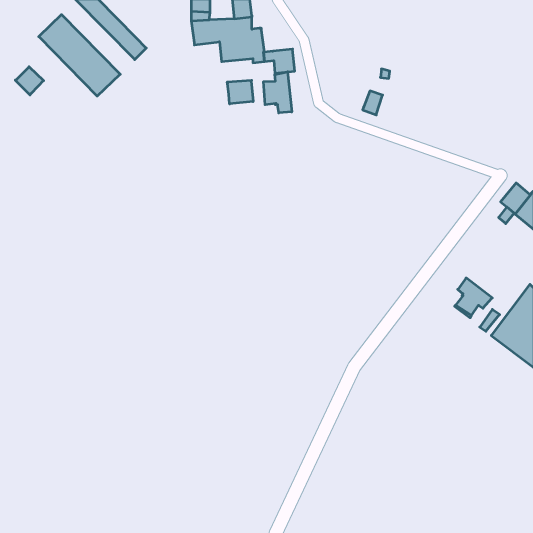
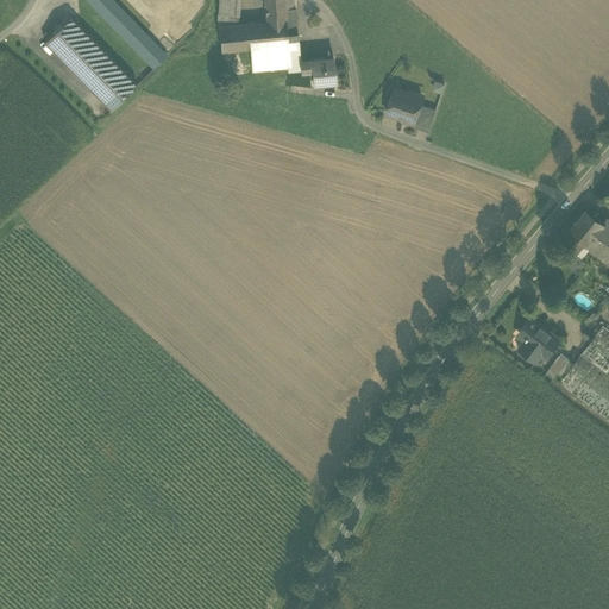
building: [15,67,44,95] -> none
building: [264,72,292,113] -> none
building: none -> [387,90,423,121]
building: [227,80,253,104] -> none

